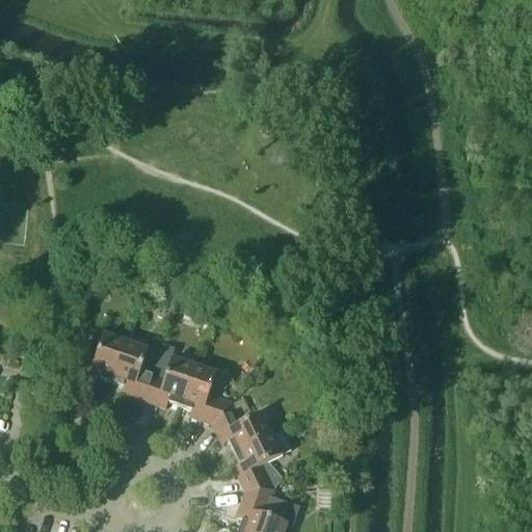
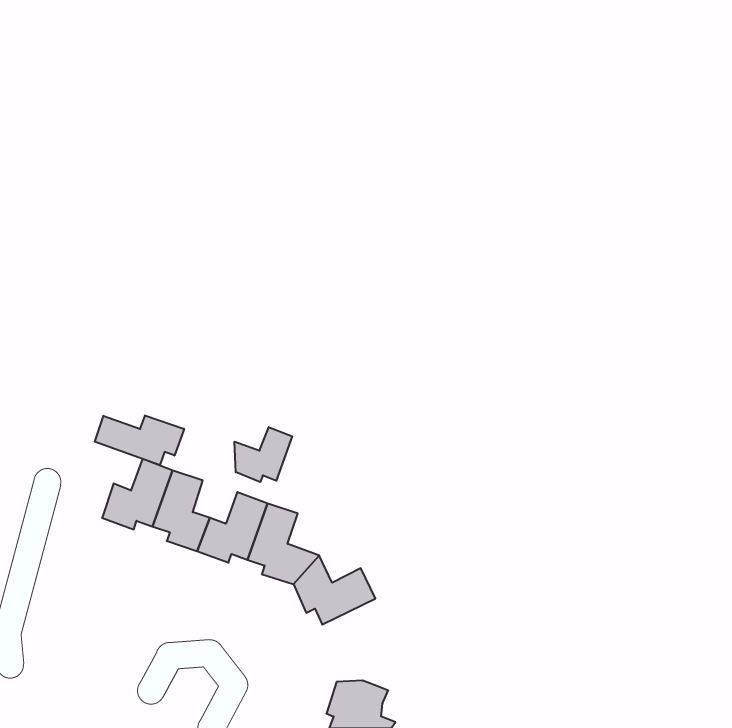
building: none -> [95,415,184,465]
building: none -> [235,427,292,482]
building: [235,428,293,486] -> none

